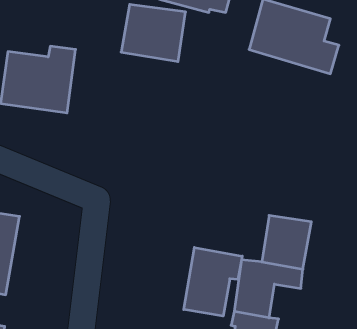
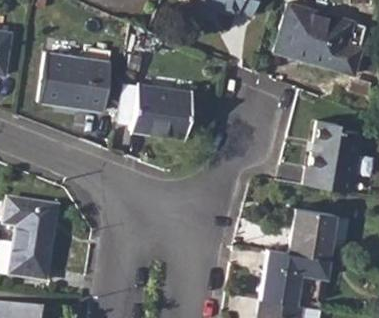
building: [121,4,186,62] -> [132,85,193,139]
building: none -> [301,120,359,192]
building: [184,247,242,316] -> none

